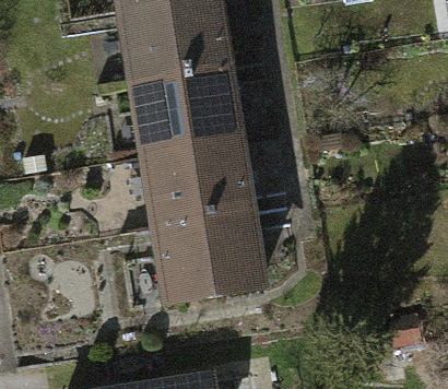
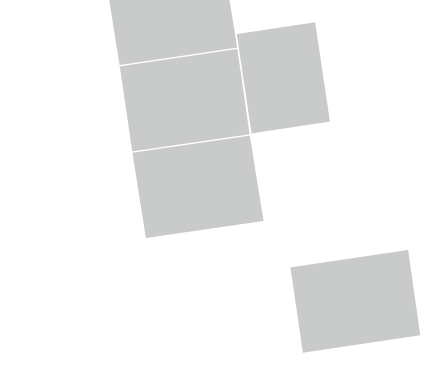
building: none -> [236,21,331,134]
building: [153,213,268,304] -> [290,249,421,353]

